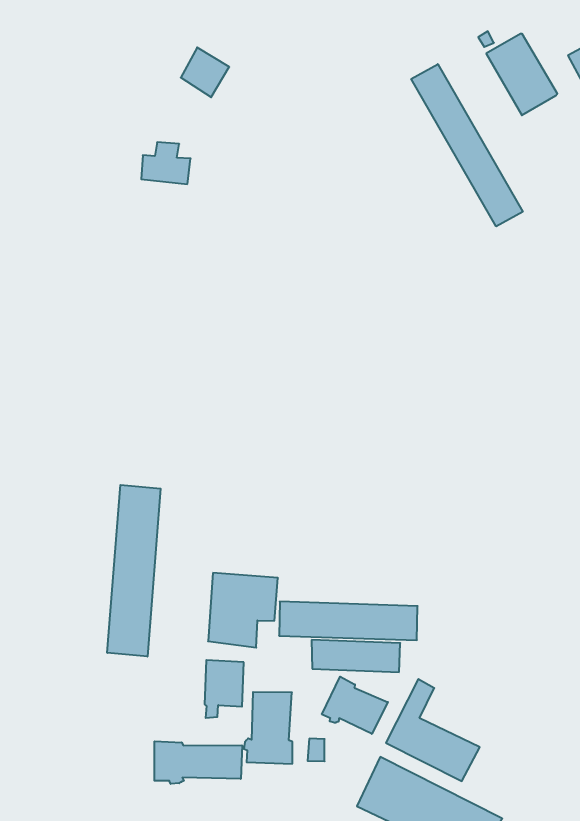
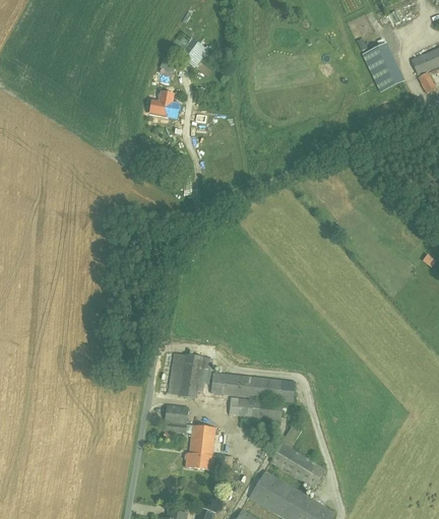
building: [411,64,523,226] -> none
building: [107,485,161,657] -> none
building: [322,677,388,734] -> none
building: [154,741,242,784] -> none

